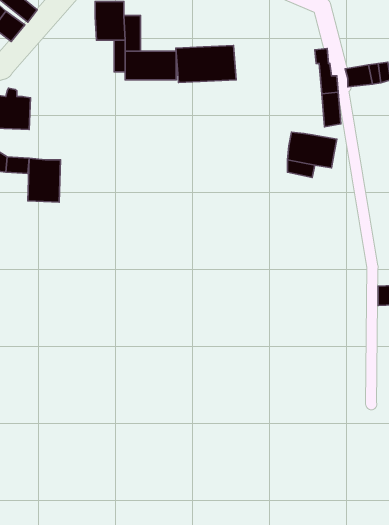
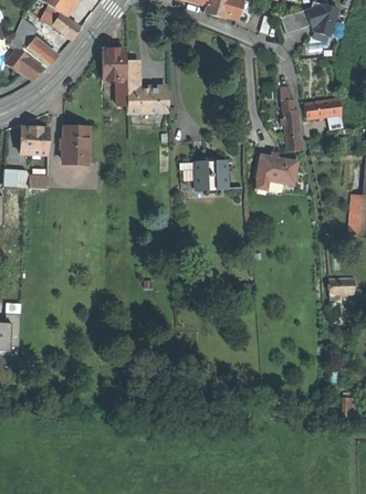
building: [176,45,236,83] -> [179,160,228,190]
building: [28,158,61,202] -> [62,126,88,161]

